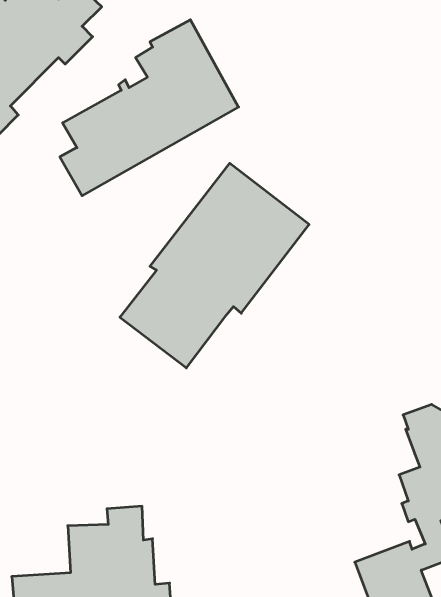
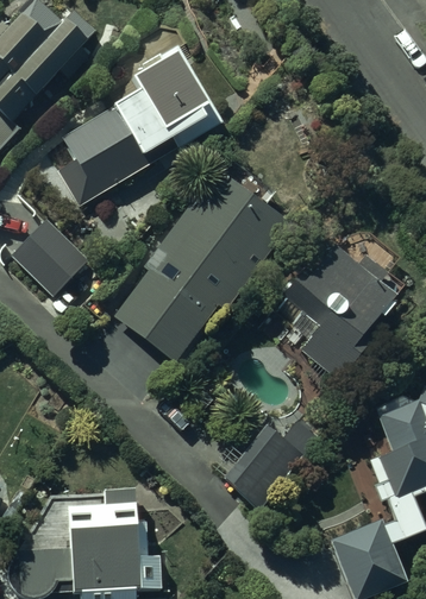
building: none -> [12,219,87,294]
building: none -> [261,250,396,389]
building: none -> [217,415,320,505]

